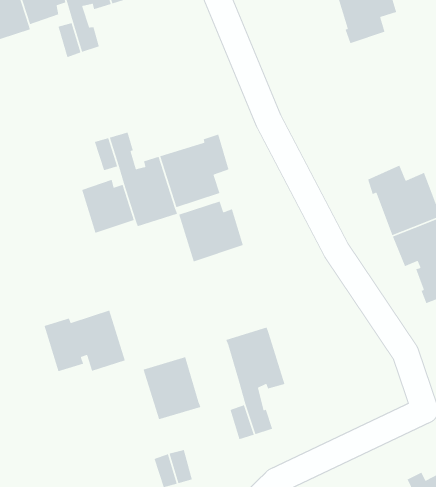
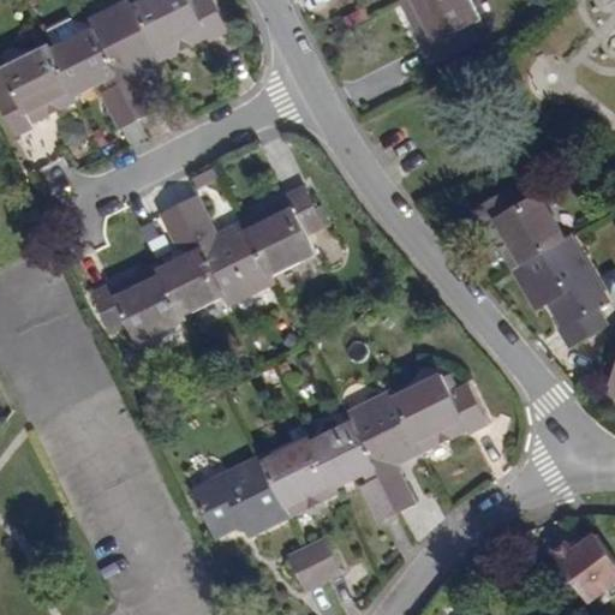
building: none -> [95,264,185,341]
building: [178,201,244,262] -> none
building: [43,310,126,372] -> [189,459,286,537]
building: none -> [394,375,484,452]
building: none -> [306,418,368,485]

